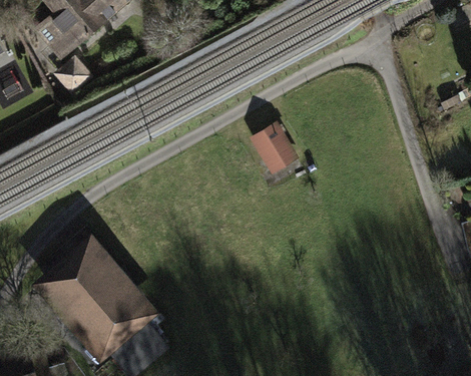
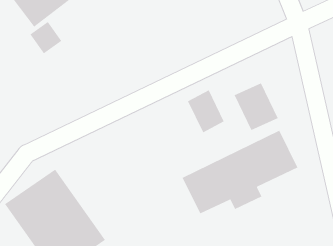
building: none -> [234,82,279,131]
building: none -> [182,130,298,214]

